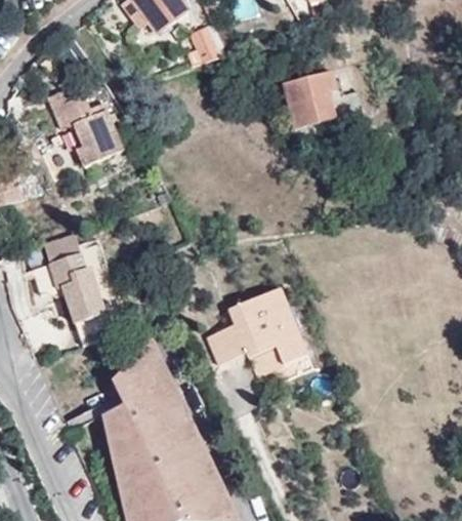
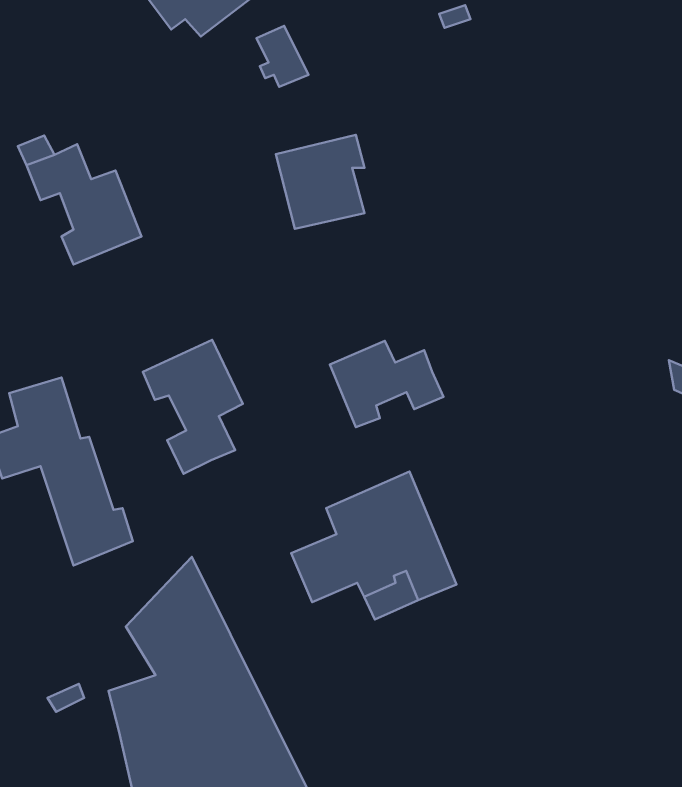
building: [283,70,335,125] -> [276,135,365,229]
building: none -> [143,340,243,474]
building: none -> [330,341,443,427]

